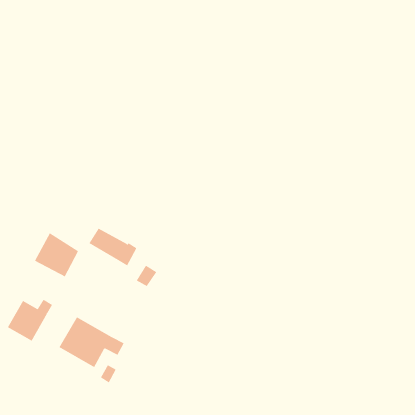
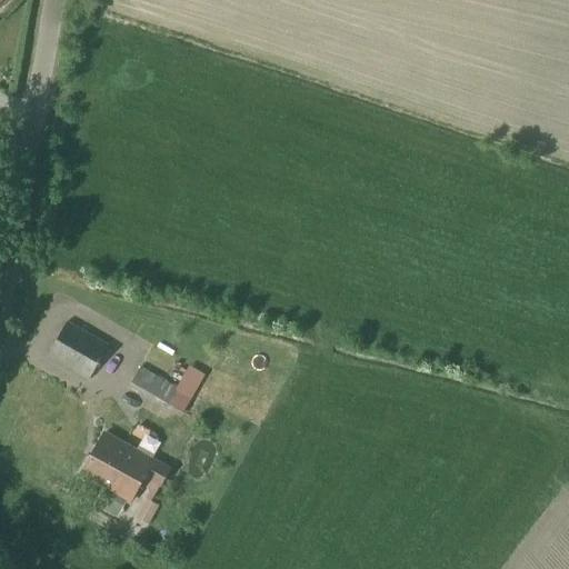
building: [88,228,137,266] -> [128,365,194,417]
building: [7,299,53,341] -> none

